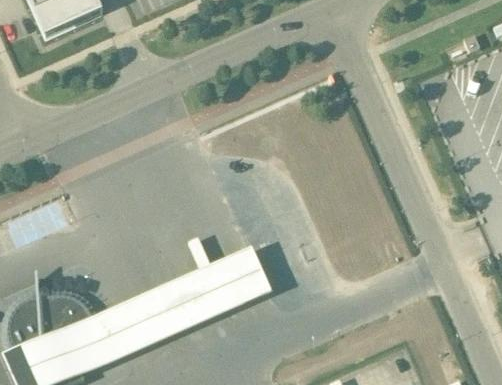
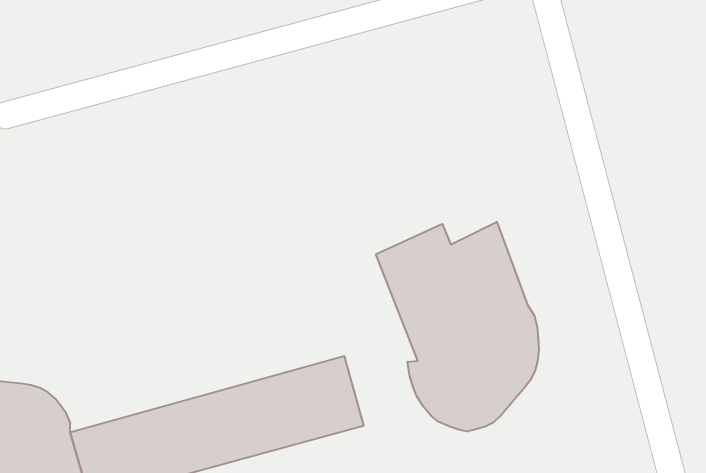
building: none -> [376,222,539,432]

